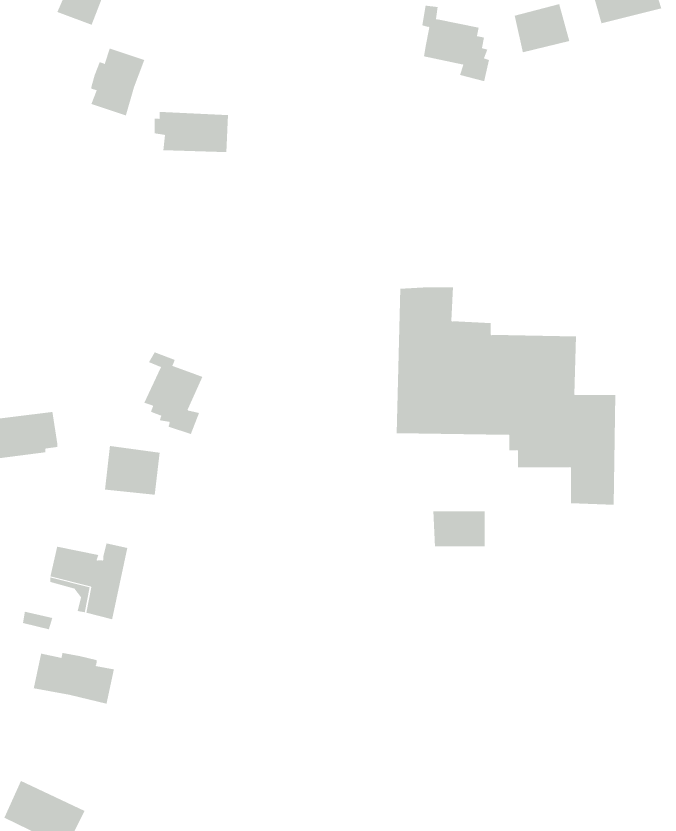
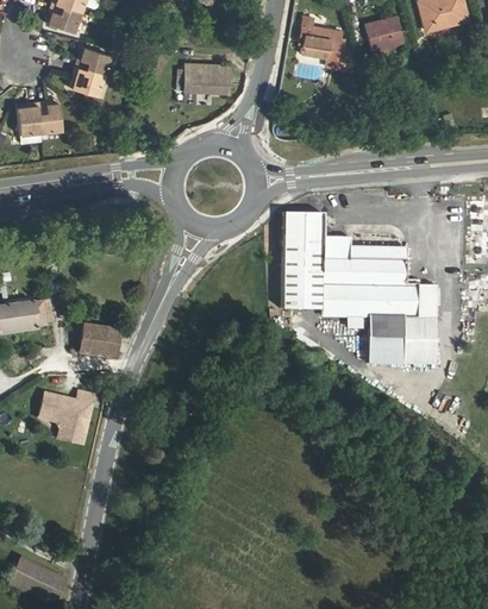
building: [154,111,229,152] -> [177,63,230,92]
building: none -> [14,99,60,133]
building: [144,352,203,435] -> none
building: [433,511,485,547] -> [368,339,405,364]
building: [33,652,115,705] -> none

